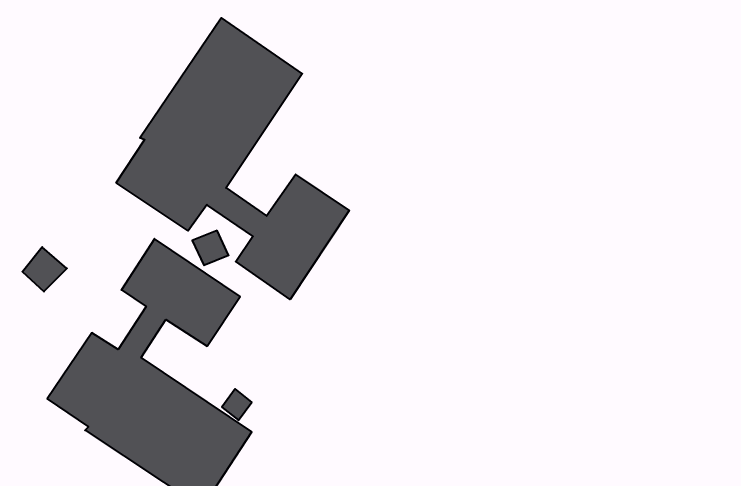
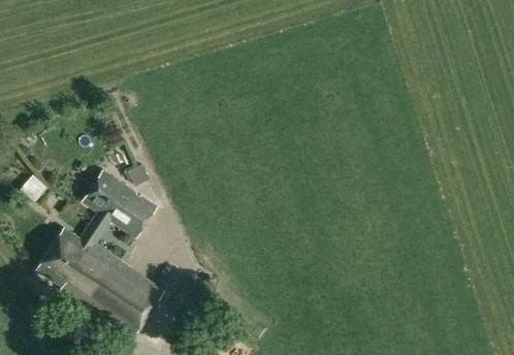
building: [116,18,349,299] -> none

